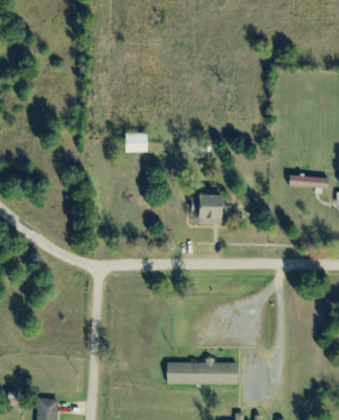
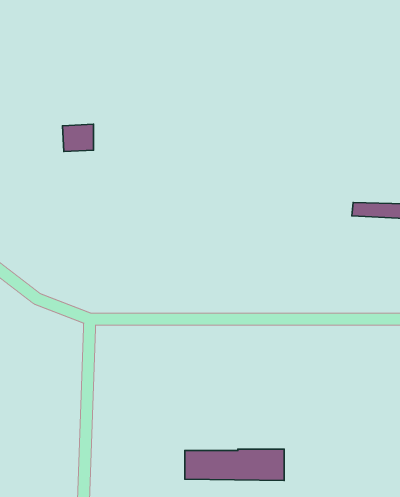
building: [126,134,150,154] -> [62,124,94,151]
building: [194,196,230,225] -> none

